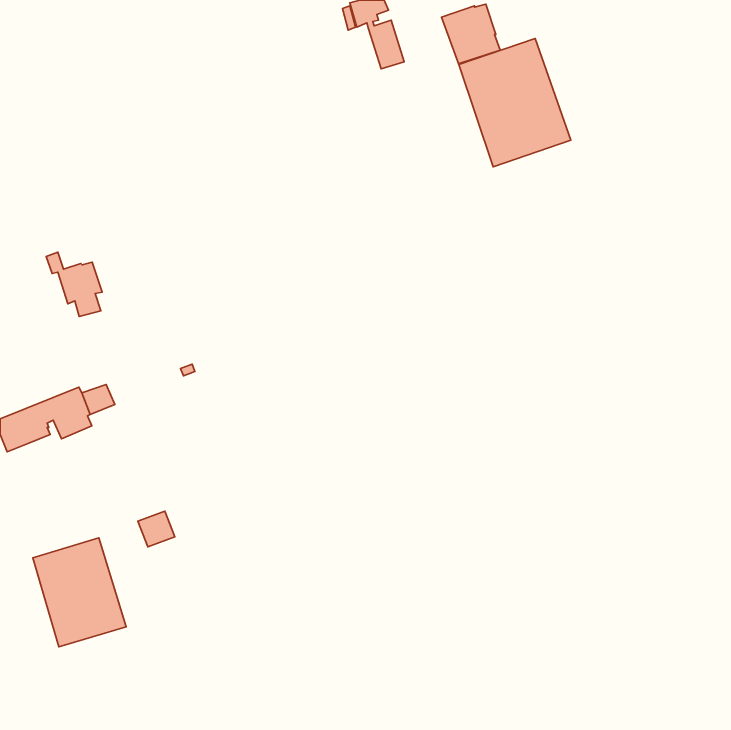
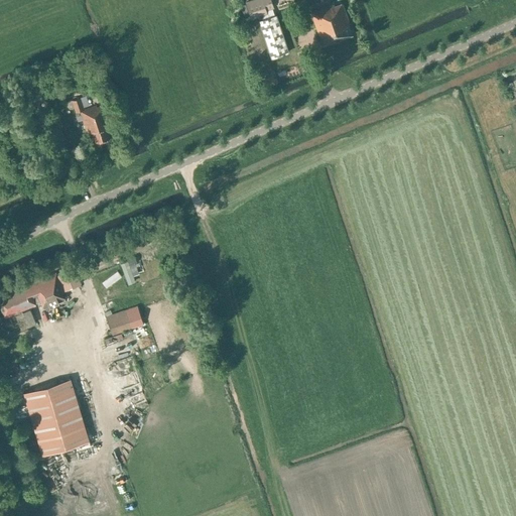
building: [459,39,571,167] -> none
building: [46,252,102,317] -> [73,99,112,144]
building: [138,511,175,547] -> [106,311,132,337]

